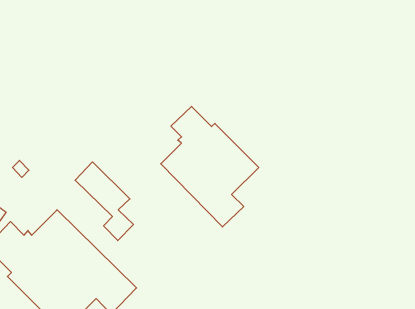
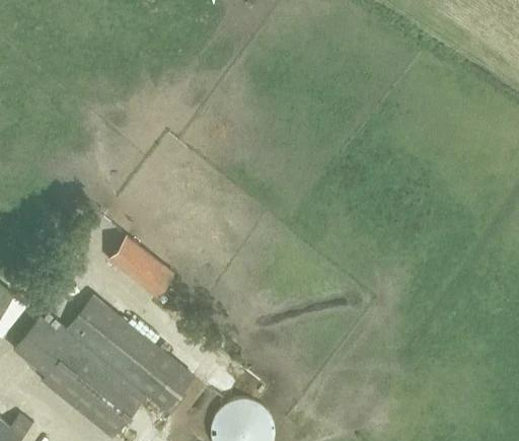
building: [161,106,259,227] -> none

